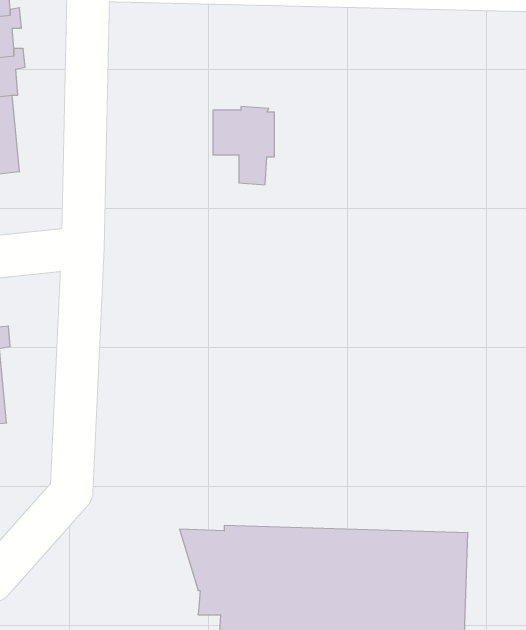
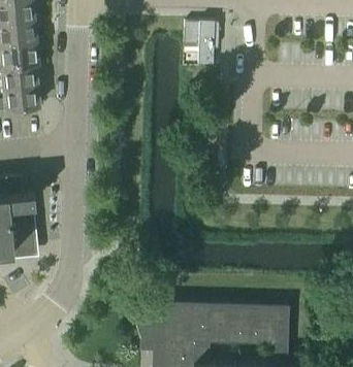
building: [213,107,274,185] -> [183,24,217,67]

